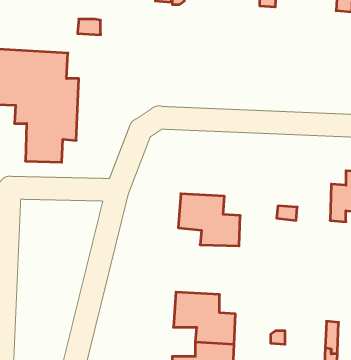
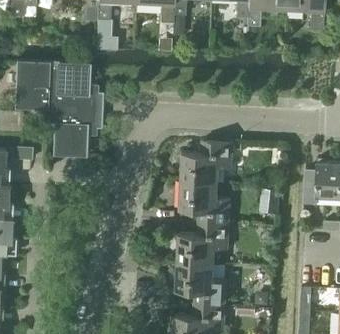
building: none -> [182,142,233,184]
building: none -> [178,224,230,265]

